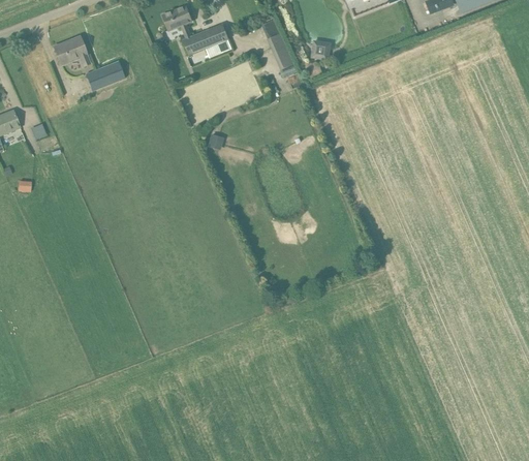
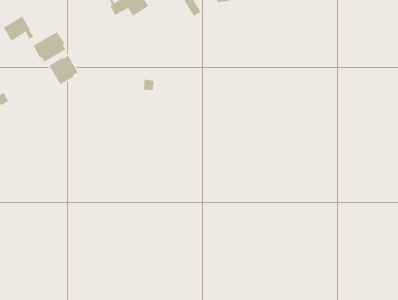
building: none -> [48,55,79,85]

